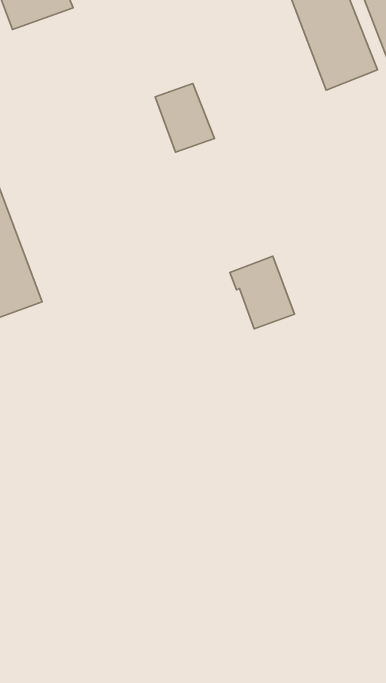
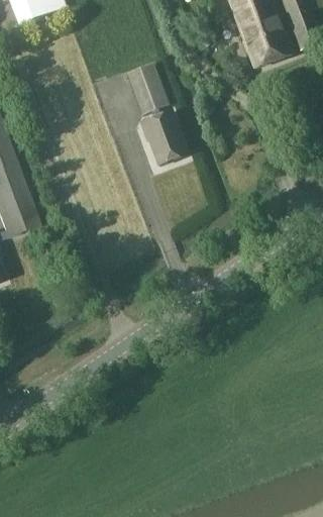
building: [230,256,295,329] -> [141,110,190,165]

